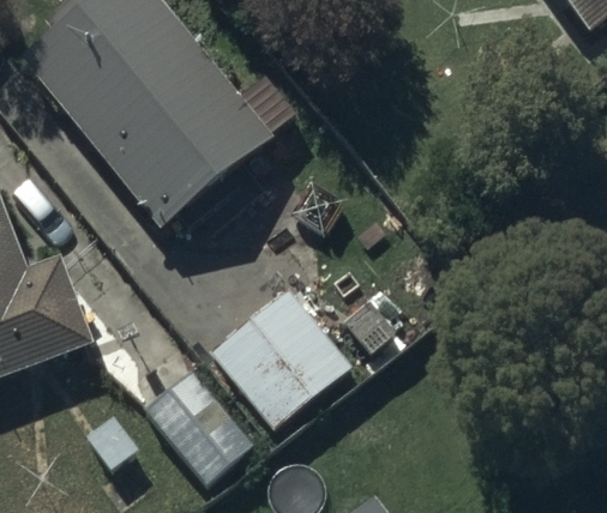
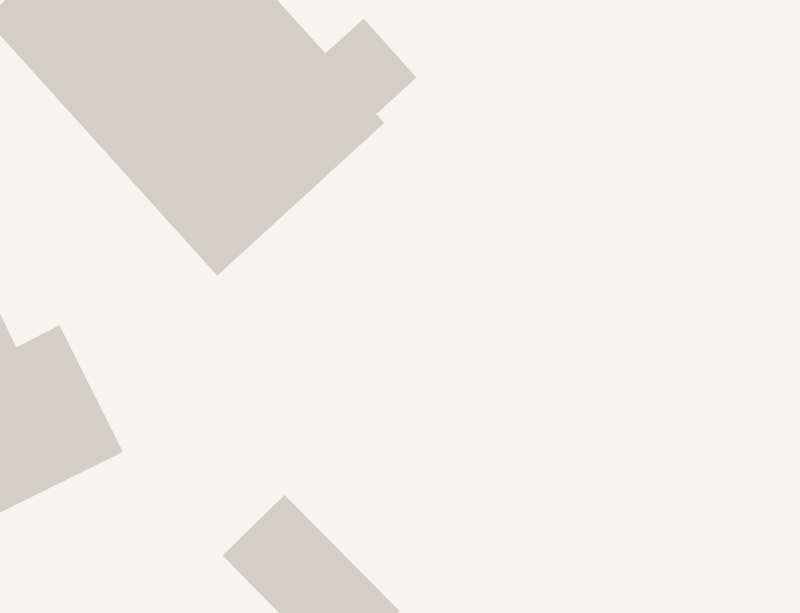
building: [214,289,349,424] -> none

